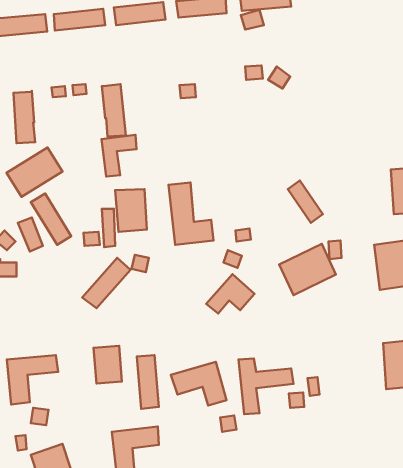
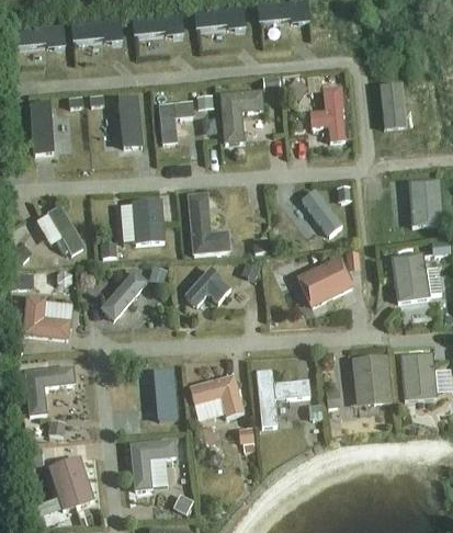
building: none -> [378,81,406,128]
building: none -> [308,86,344,140]
building: none -> [218,90,262,143]
building: [102,135,137,176] -> [158,101,193,143]
building: [7,147,62,197] -> none
building: [206,274,254,314] -> [183,266,231,306]
building: none -> [22,295,70,339]
building: none -> [351,354,390,406]
building: [93,346,122,384] -> none

